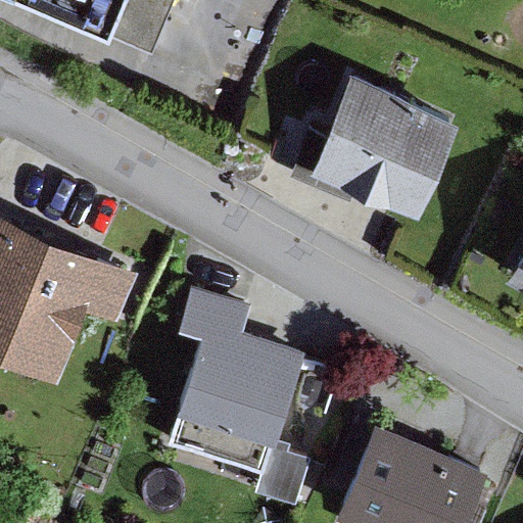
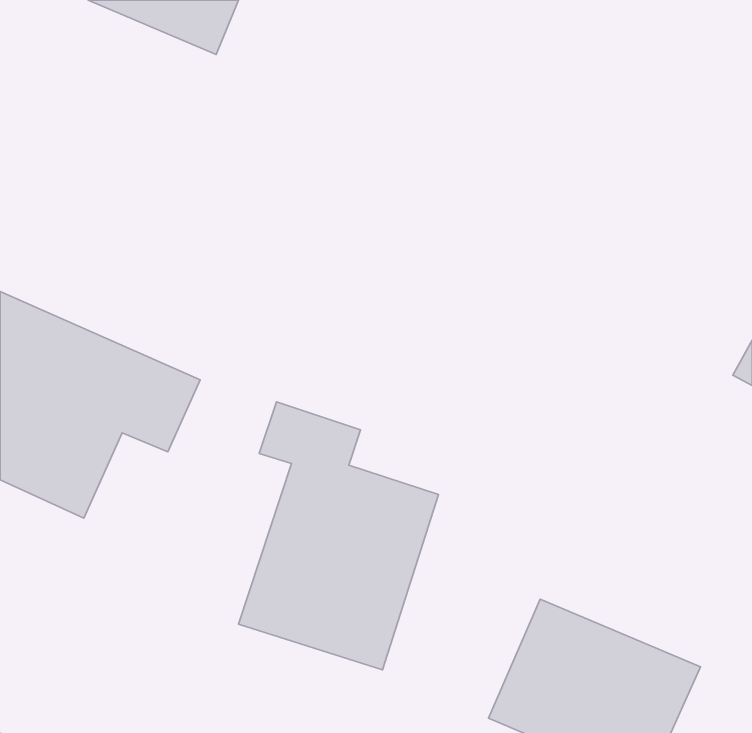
building: [290,77,454,202] -> none

